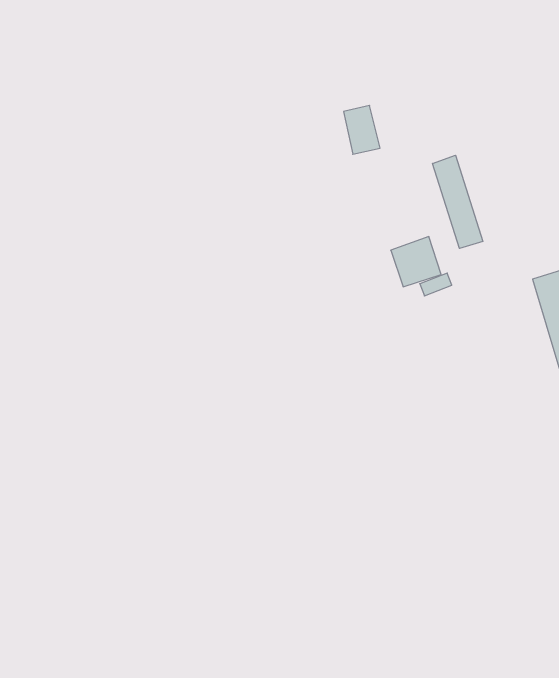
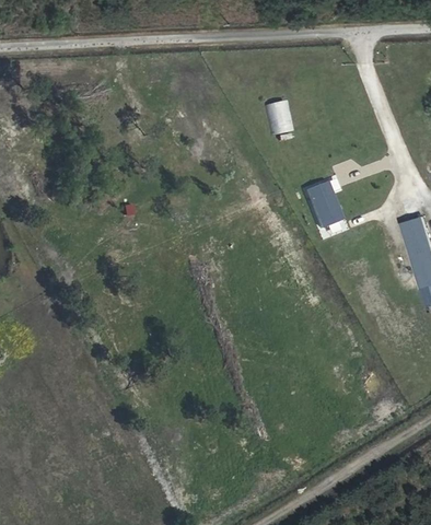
building: [433,155,483,248] -> none

